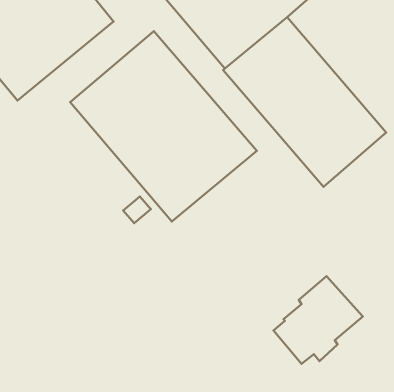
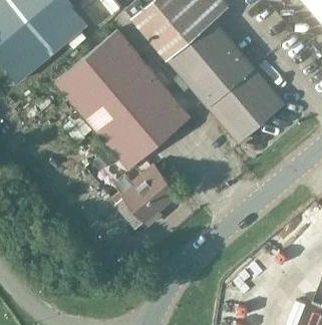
building: [274,276,363,364] -> [115,165,180,228]

